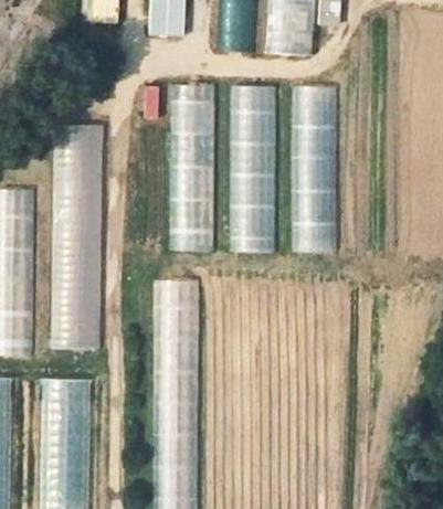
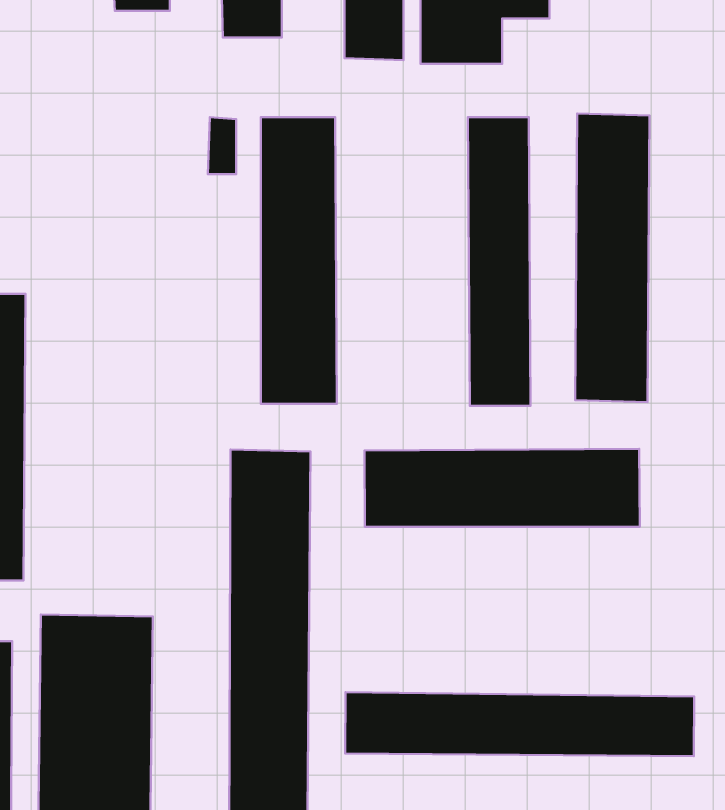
building: [231,83,274,251] -> [575,113,649,402]
building: [50,123,103,348] -> none
building: none -> [364,449,640,527]
building: none -> [345,692,694,756]

